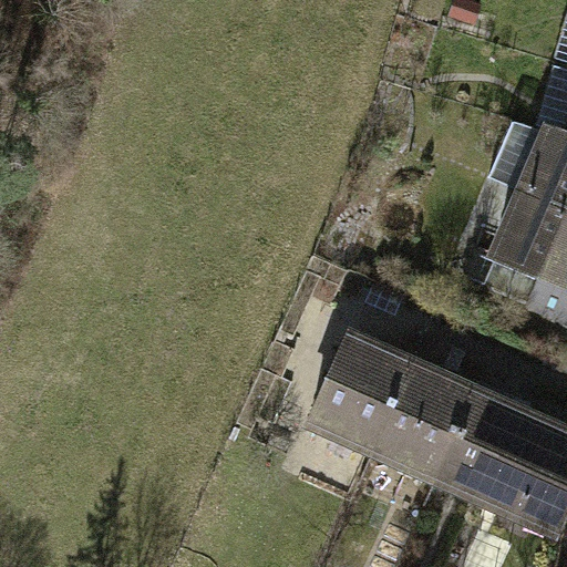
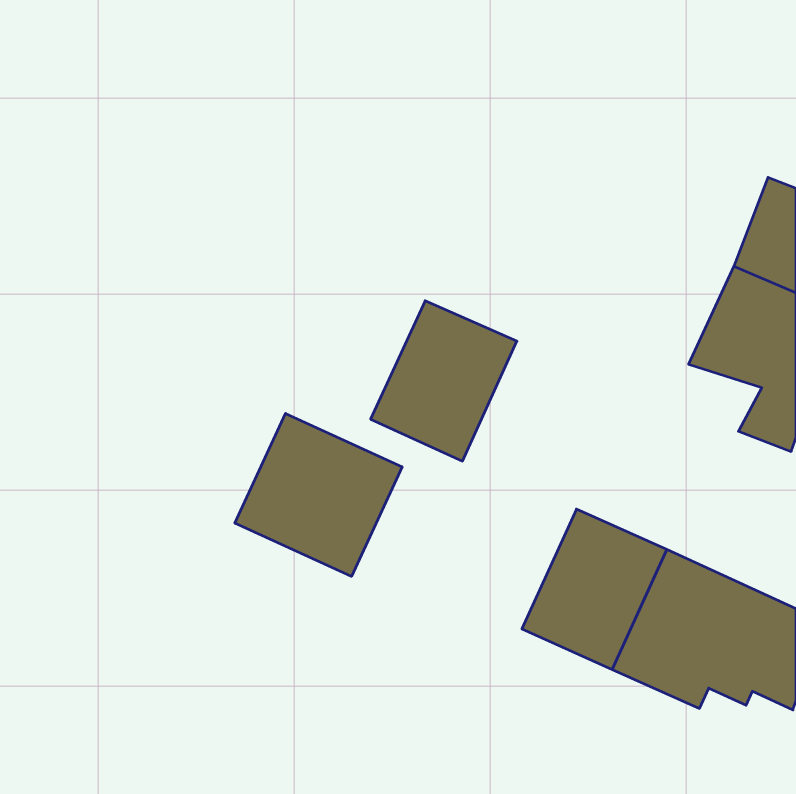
building: none -> [235,413,402,576]
building: [306,333,410,447] -> [371,301,517,461]

